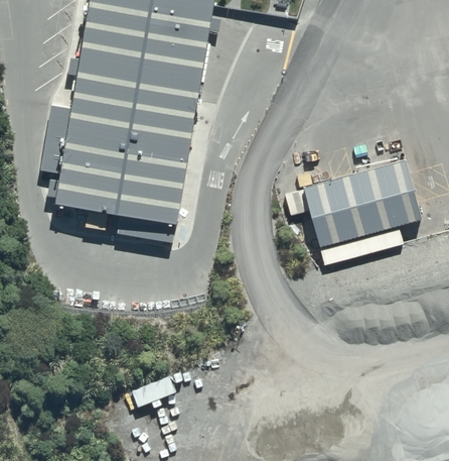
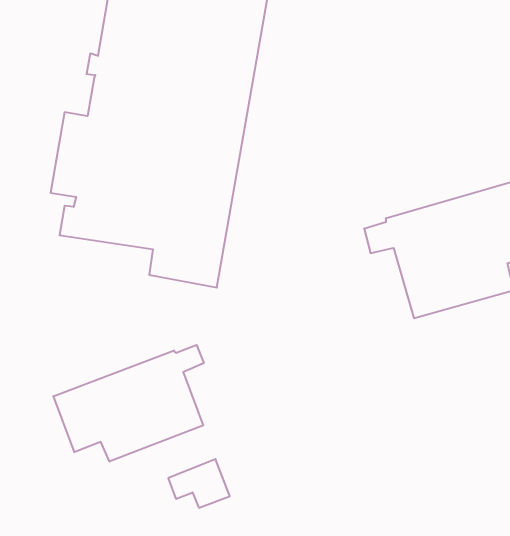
building: none -> [53,345,204,462]

